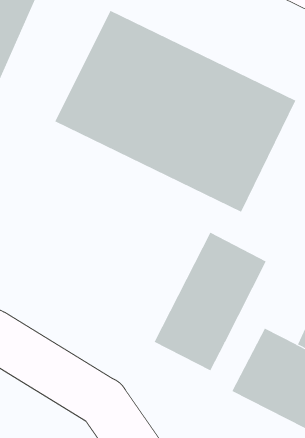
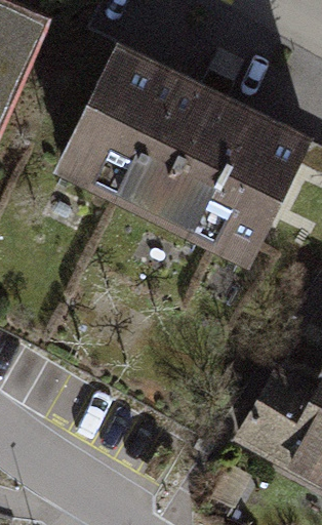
building: [154,232,267,371] -> none

